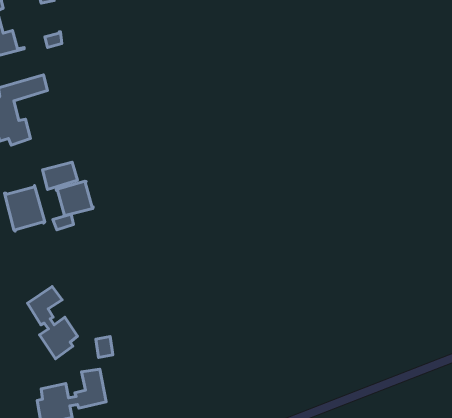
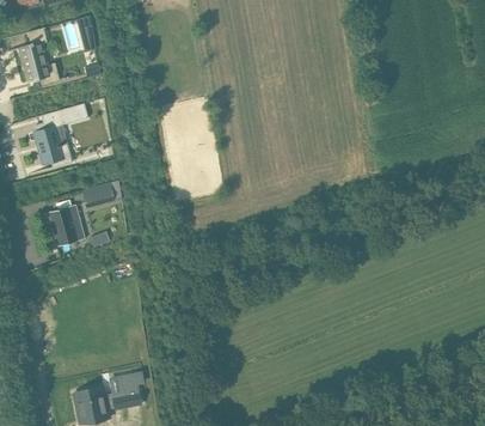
building: [56,181,93,216] -> none
building: [27,286,78,359] -> none

